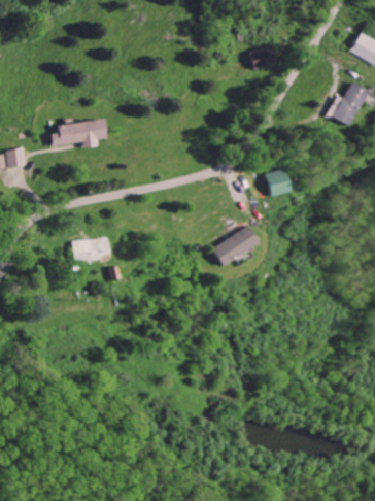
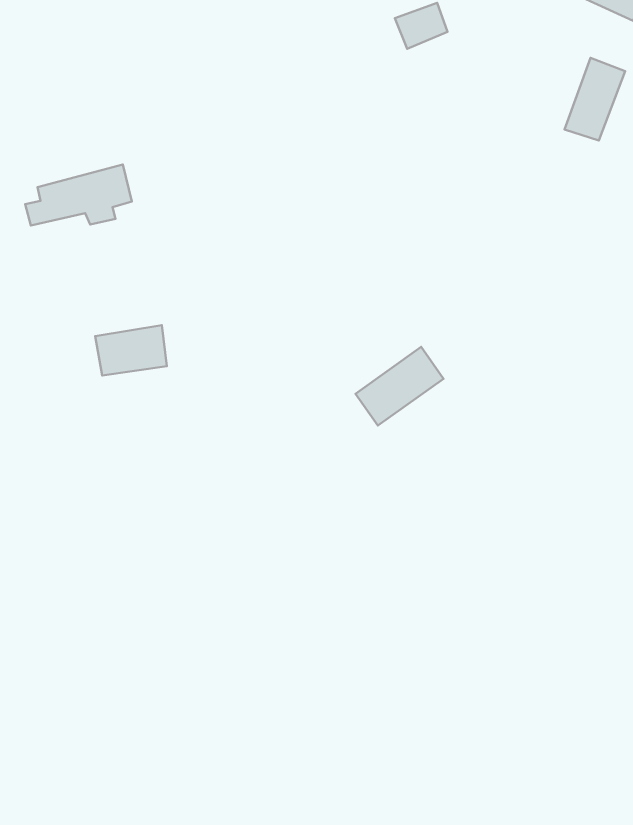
building: [266,170,291,195] -> none
building: [73,237,109,261] -> [95,325,167,375]

